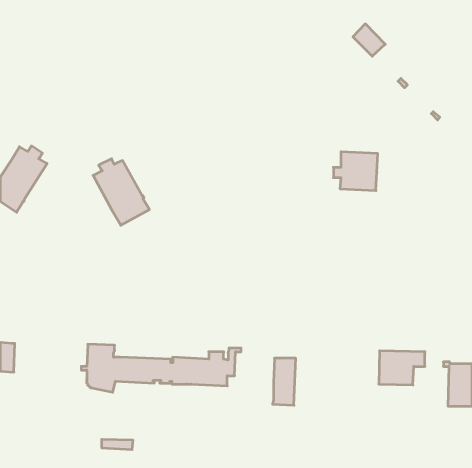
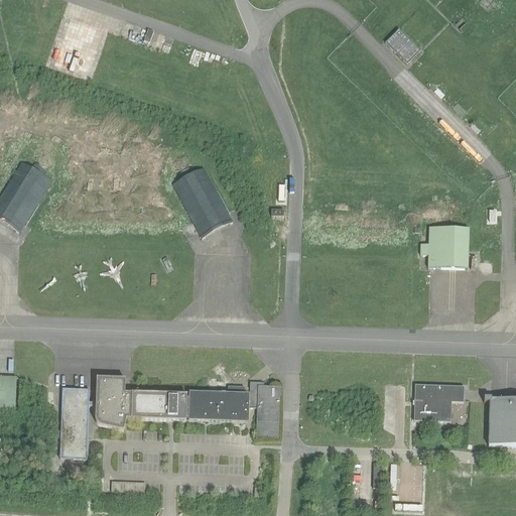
building: [333,152,378,191] -> [420,225,469,267]
building: [93,159,149,225] -> [171,164,233,237]
building: none -> [59,386,89,458]
building: [273,358,296,405] -> [255,384,280,435]

